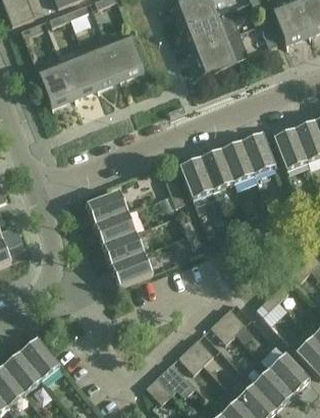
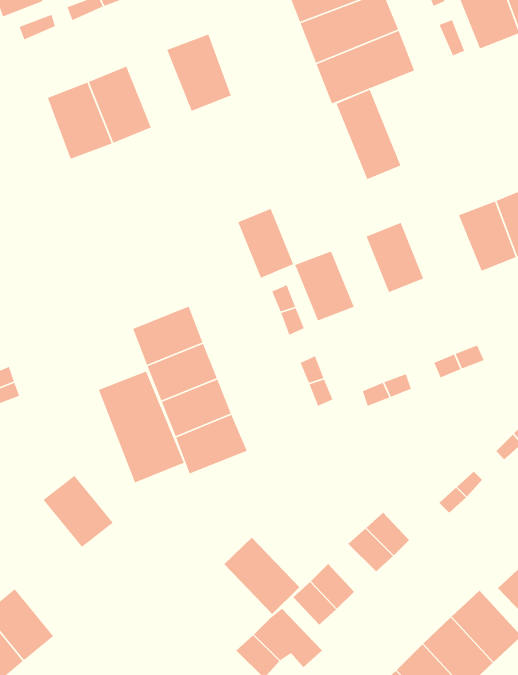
building: [83,44,119,89] -> none
building: none -> [336,89,401,180]
building: [239,134,274,175] -> none
building: [200,151,232,192] -> [237,208,294,279]
building: none -> [98,371,185,484]
building: none -> [224,537,300,615]
building: [18,338,59,380] -> [43,475,114,548]

